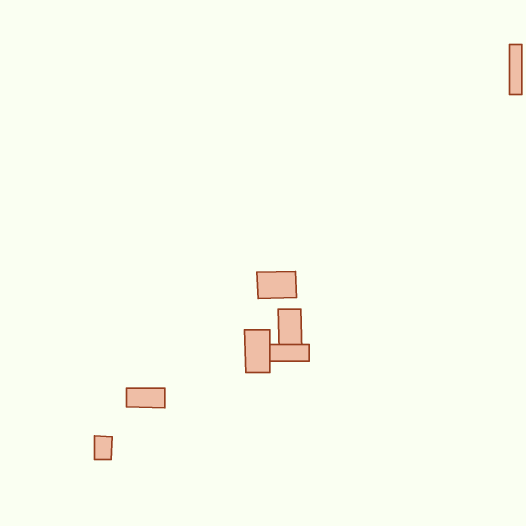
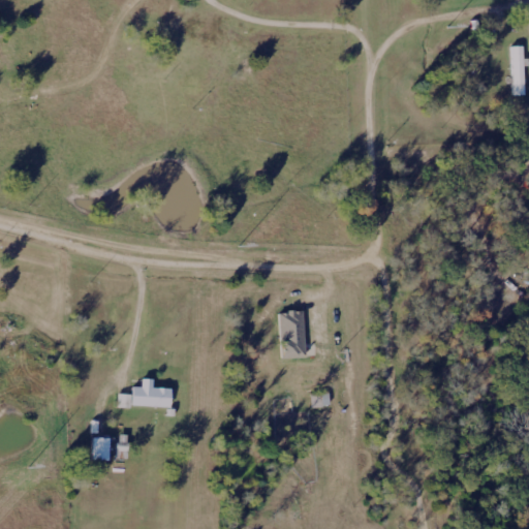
building: [257,271,297,299] -> none
building: [245,330,270,372] -> none

